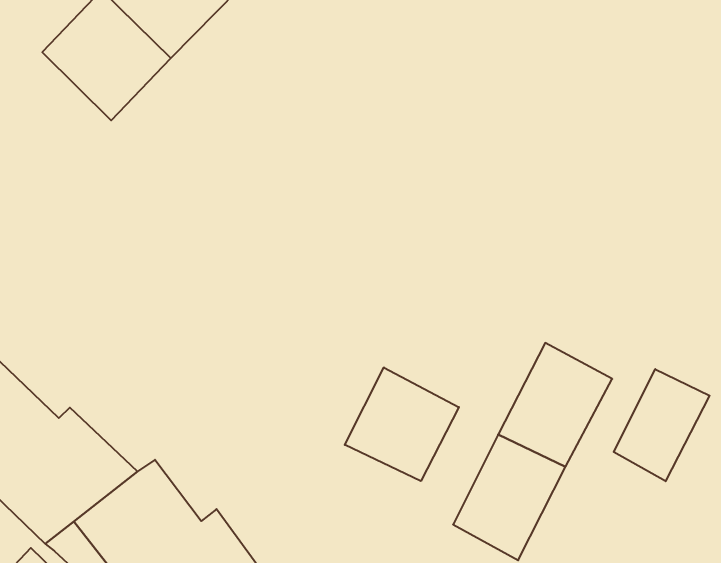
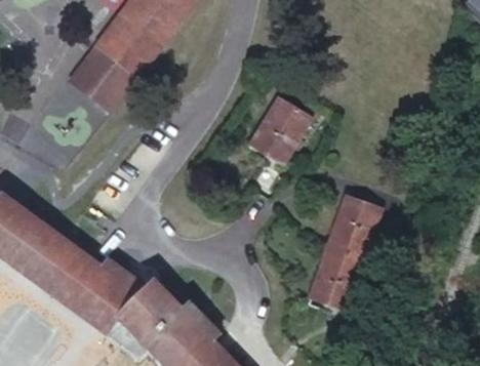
building: none -> [250,97,312,164]
building: [345,367,459,481] -> none
building: [614,369,710,481] -> none

